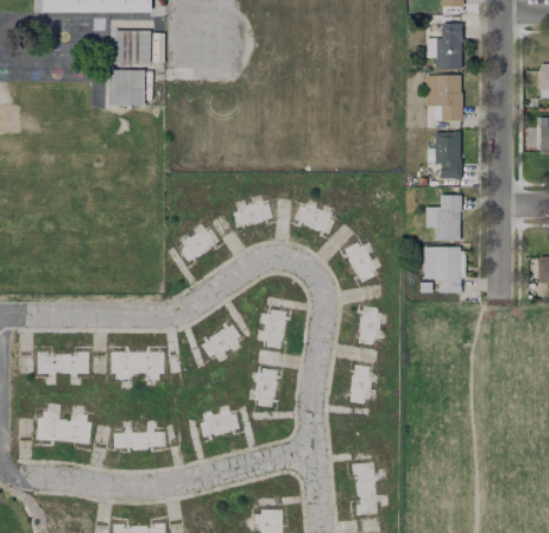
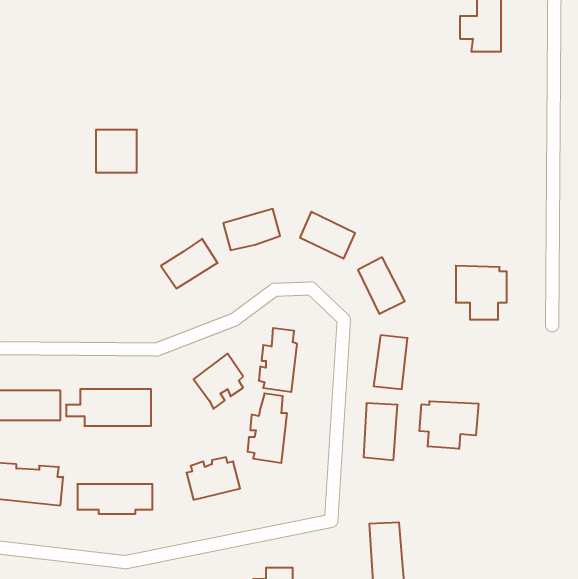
building: [116,33,153,68] -> none
building: [113,72,147,108] -> [96,130,137,172]
building: [427,74,462,119] -> none
building: [428,131,461,177] -> none
building: [424,192,460,236] -> none
building: none -> [419,401,478,449]

